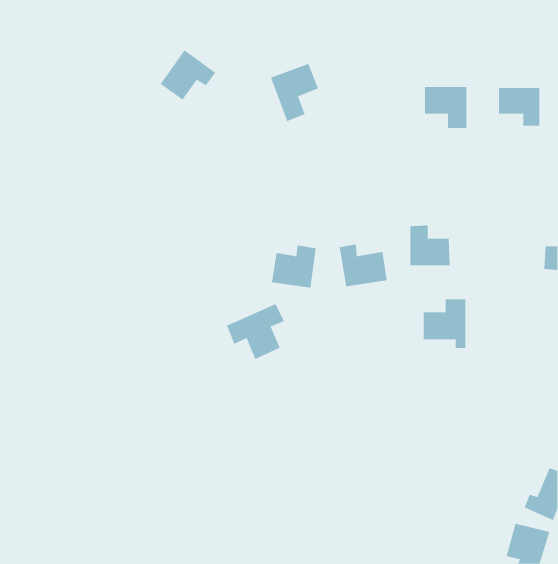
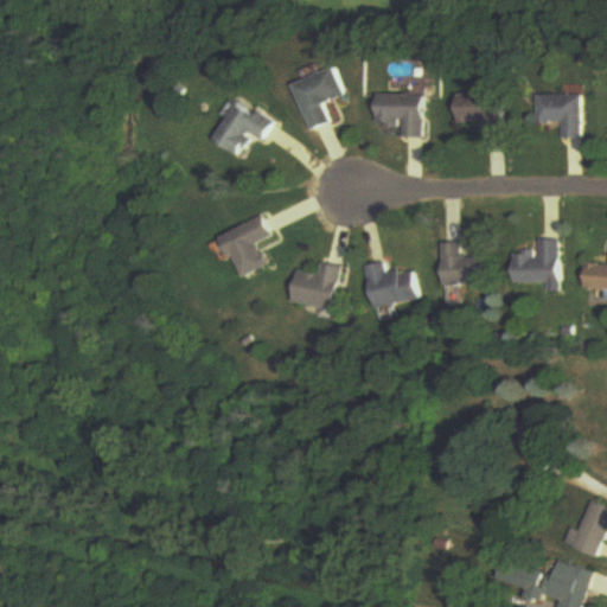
building: [160,50,216,101] -> [211,101,271,155]
building: none -> [373,94,420,136]
building: [423,299,466,349] -> [511,238,557,292]
building: [226,303,285,360] -> [207,217,270,277]

